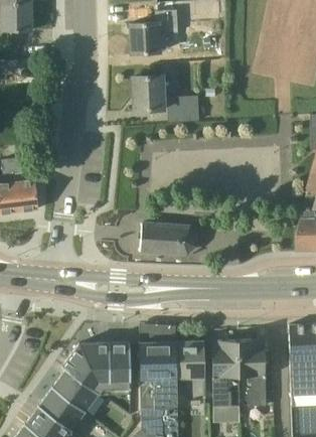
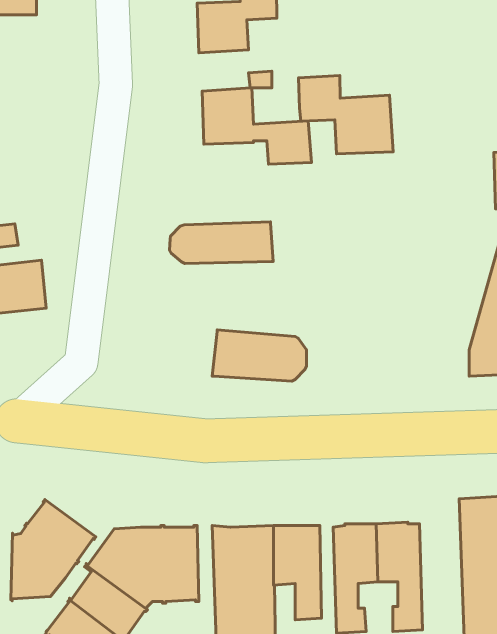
building: none -> [298,76,393,154]
building: none -> [169,222,273,263]
building: none -> [11,499,96,601]

